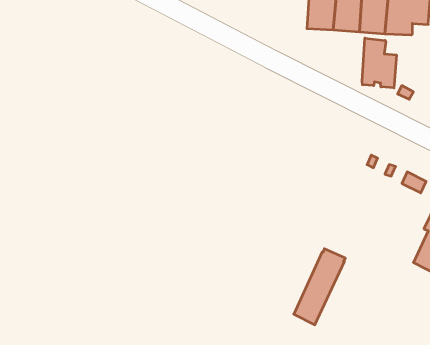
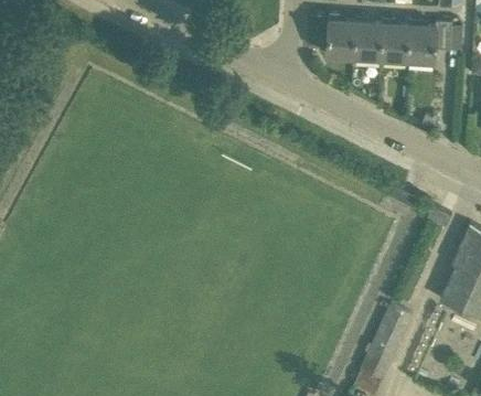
building: [362,38,396,88] -> none
building: [294,249,345,325] -> [360,304,414,384]

